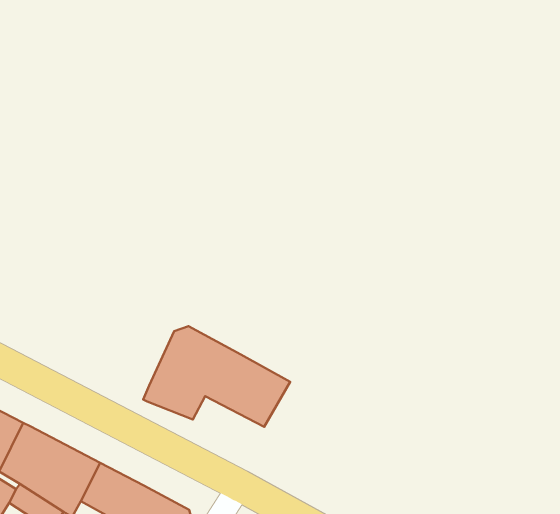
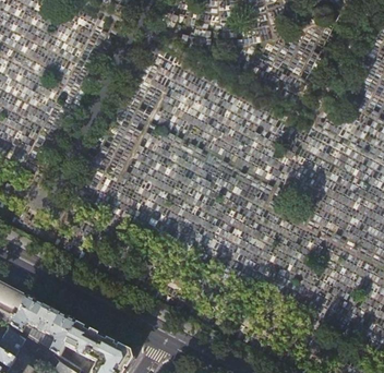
building: [143,326,290,427] -> none

